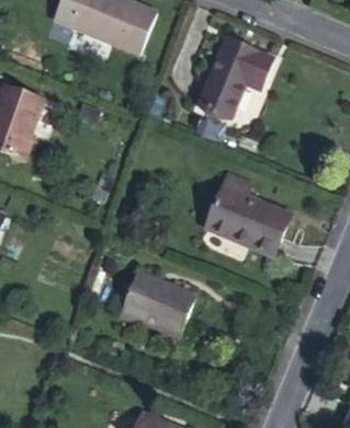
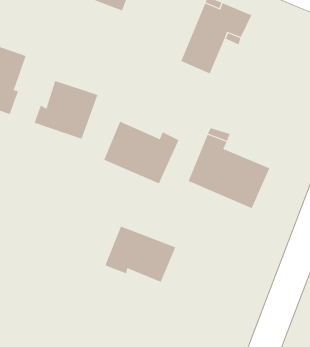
building: none -> [34,80,98,140]
building: none -> [103,121,179,184]

